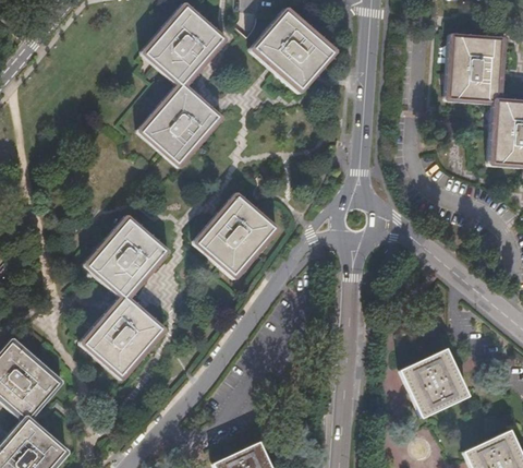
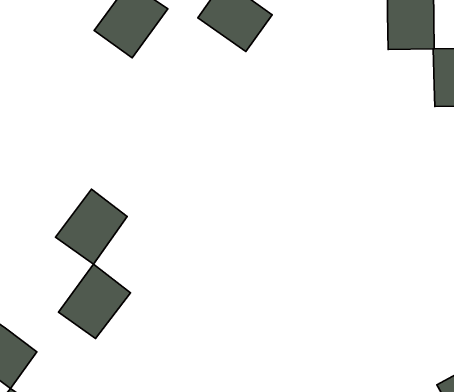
building: [141,85,217,164] -> none
building: [196,197,271,274] -> none
building: [405,355,458,409] -> none

